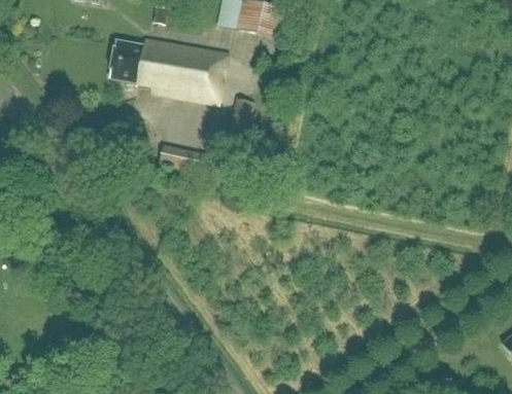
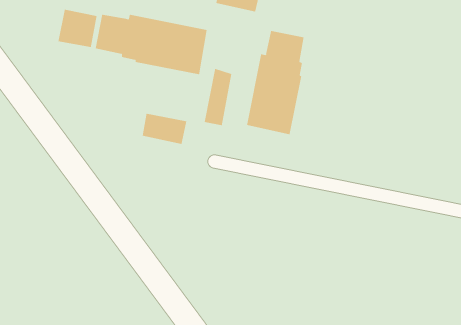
building: none -> [58,9,97,48]
building: none -> [246,30,304,135]

